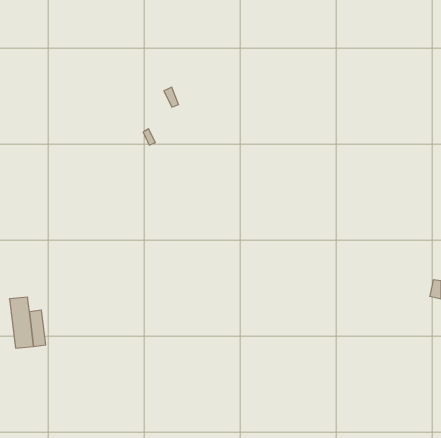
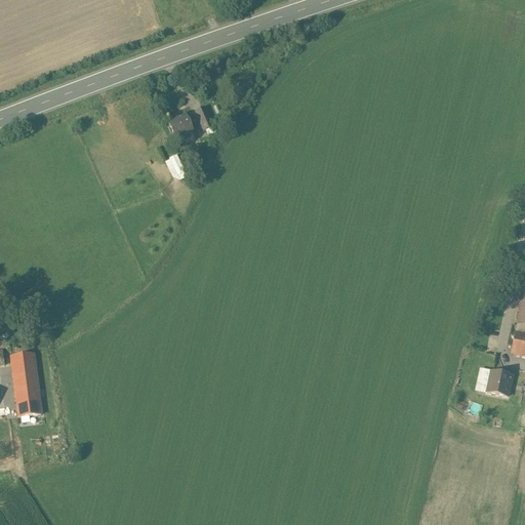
building: none -> [167,112,193,139]
building: none -> [486,369,512,395]

